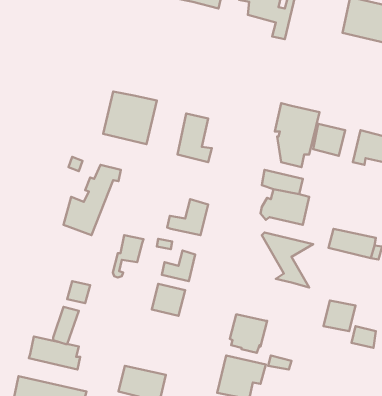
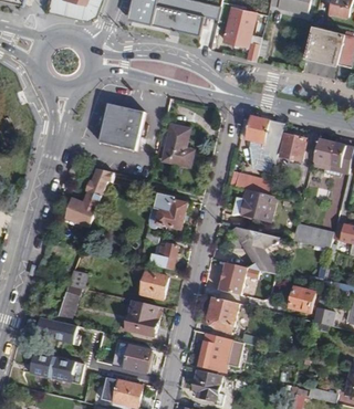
building: [113,235,144,278] -> [148,192,175,229]
building: none -> [218,263,261,295]
building: none -> [125,301,159,337]

